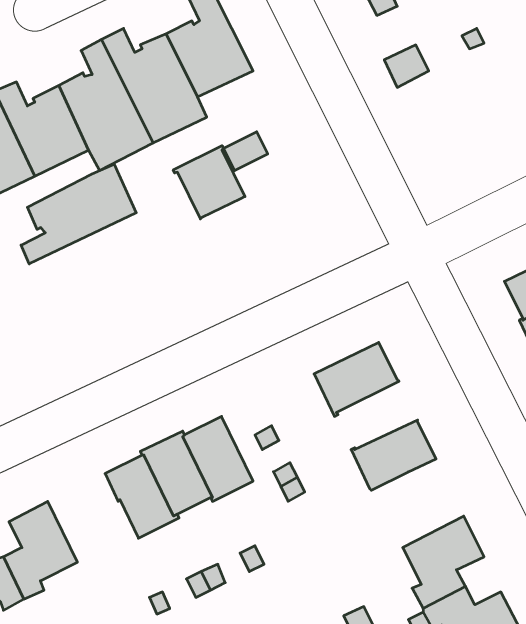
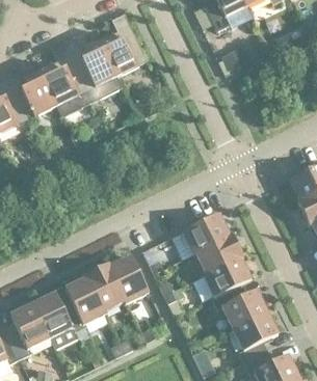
building: [173,146,245,219] -> none
building: [21,164,136,264] -> none
building: none -> [194,234,242,274]
building: none -> [211,287,266,329]
building: none -> [32,288,85,349]

